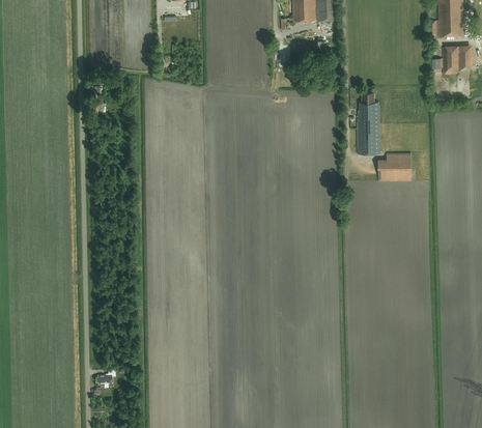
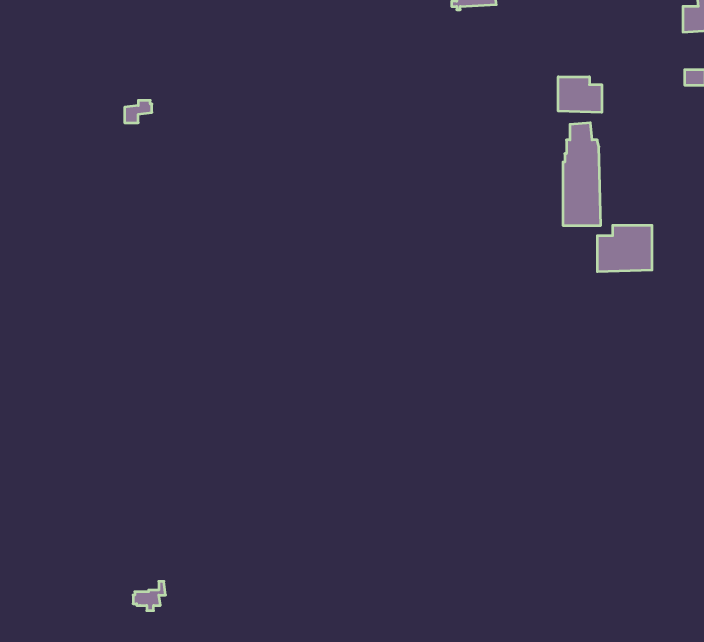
building: none -> [558,77,602,112]

